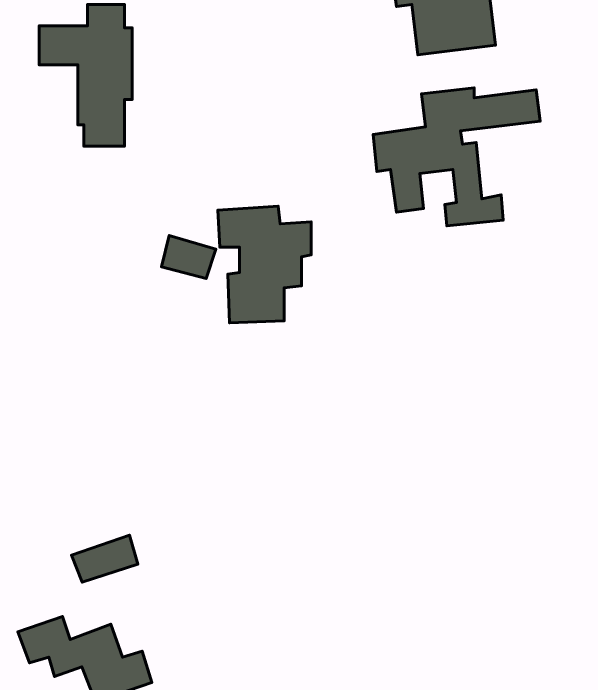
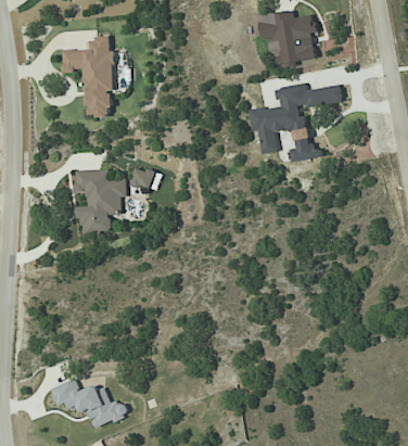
building: [218,206,311,323] -> [73,168,125,233]
building: [71,535,138,582] -> none

